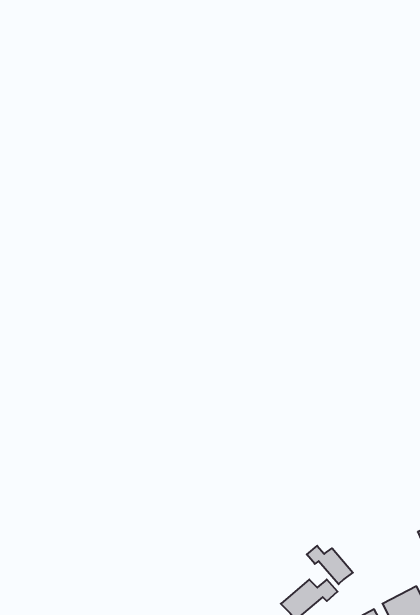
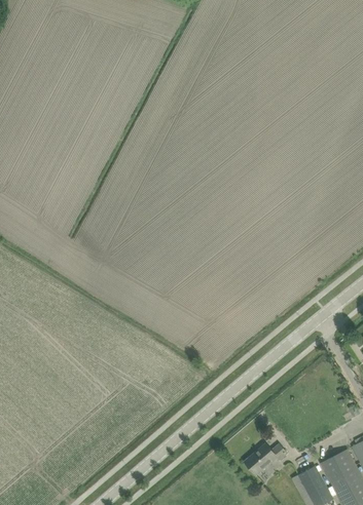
building: [307,546,353,584] -> none

